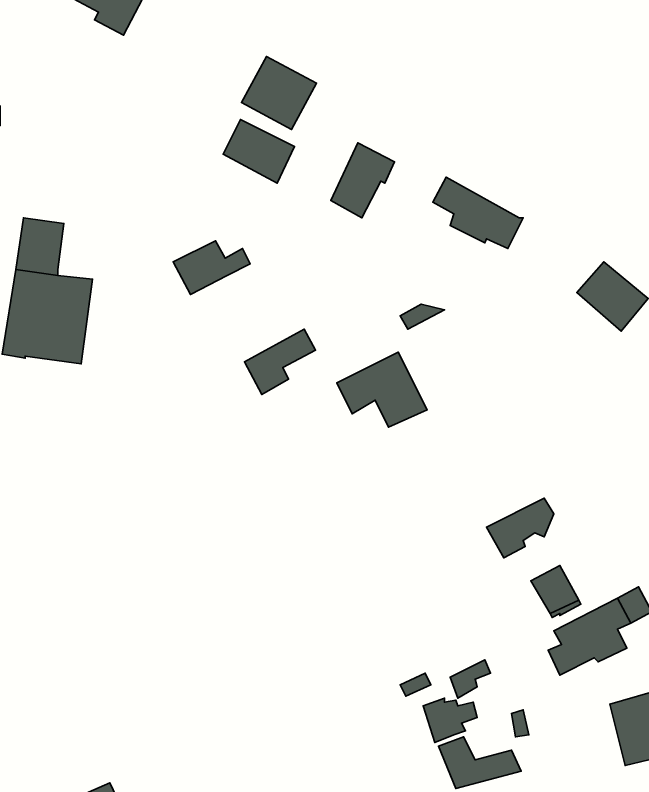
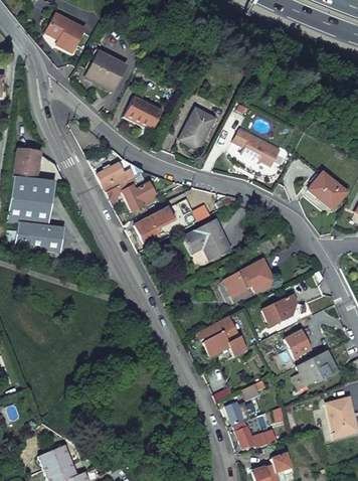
building: [241,56,316,129] -> [84,53,124,92]
building: none -> [107,179,158,209]
building: none -> [17,221,64,252]
building: none -> [224,260,271,295]
building: none -> [203,317,239,356]

